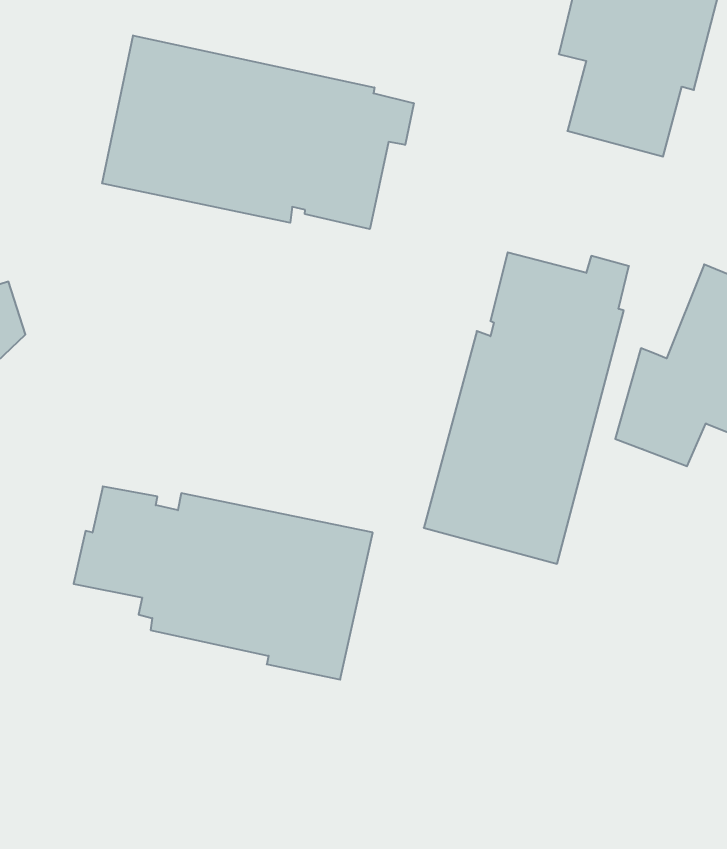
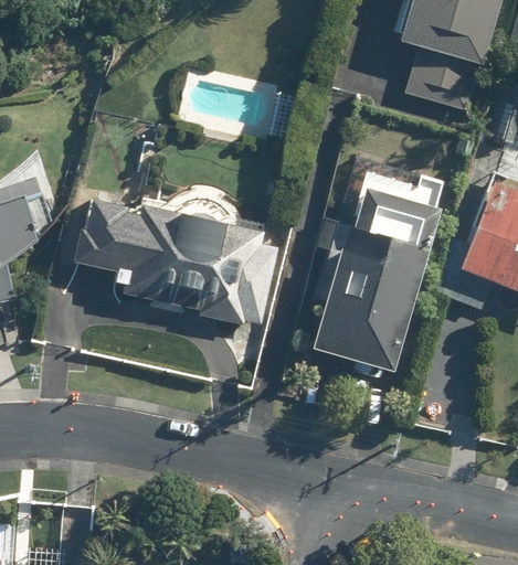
building: [102,35,414,229] -> none
building: [74,486,373,680] -> [73,199,266,323]

